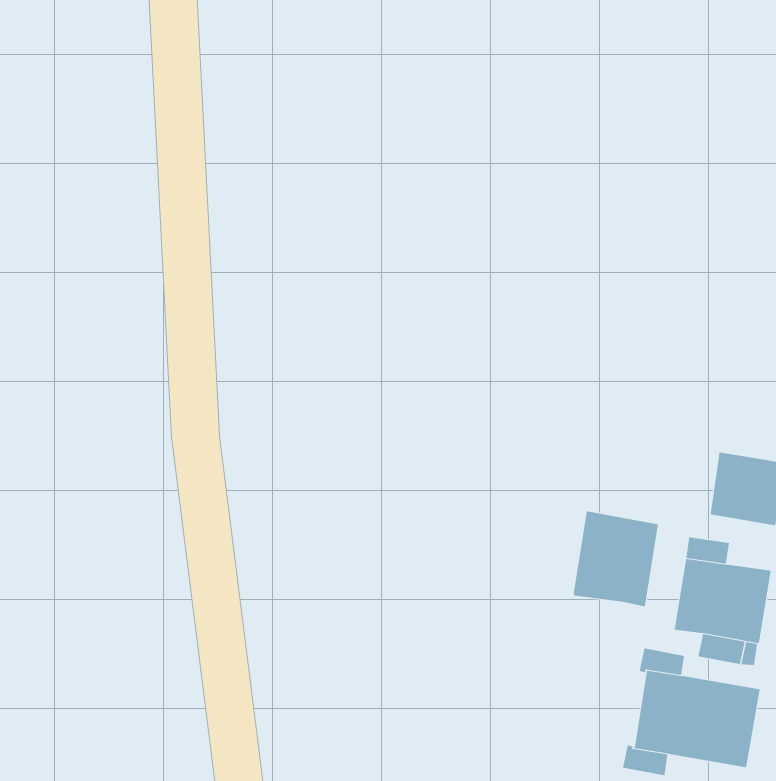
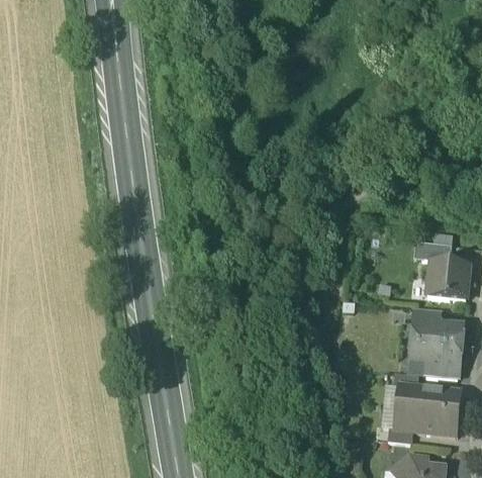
building: none -> [413,242,452,262]
building: [573,510,659,607] -> none

